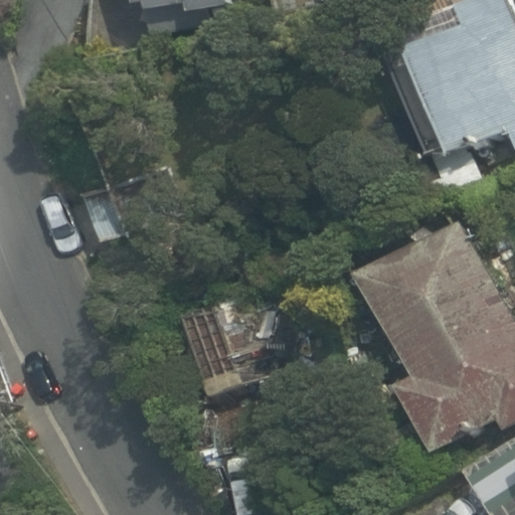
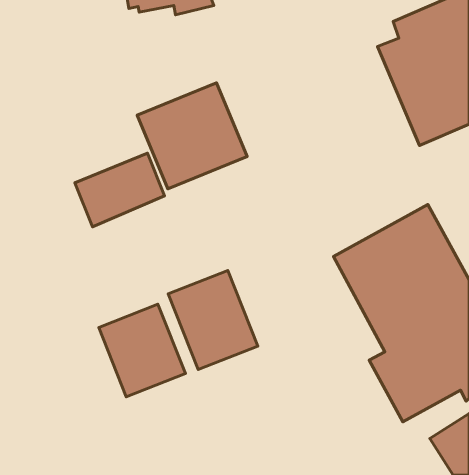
building: none -> [137,83,247,189]
building: none -> [99,304,185,397]

